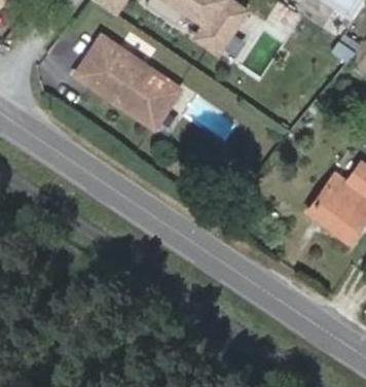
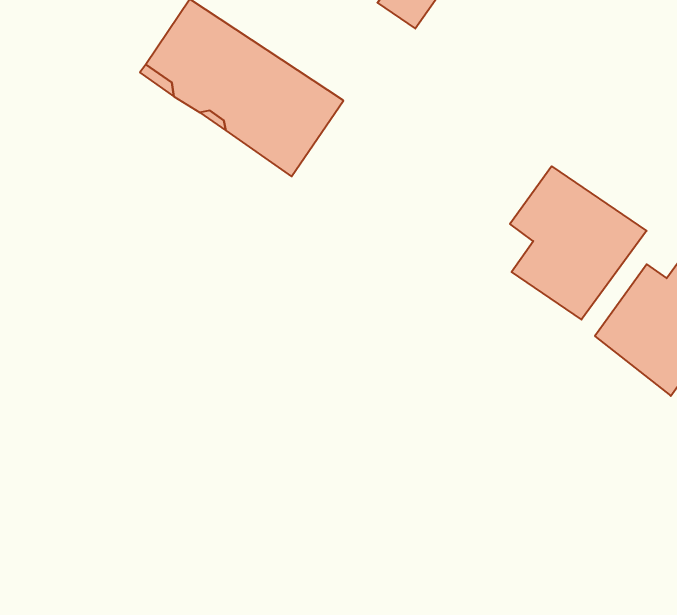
building: none -> [510,166,647,320]

